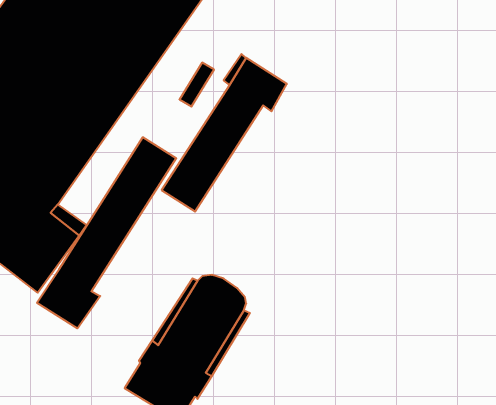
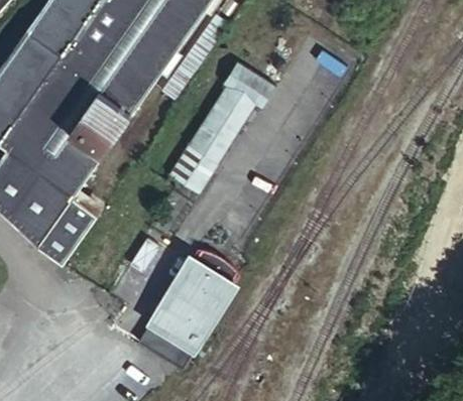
building: [37,137,176,328] -> none

